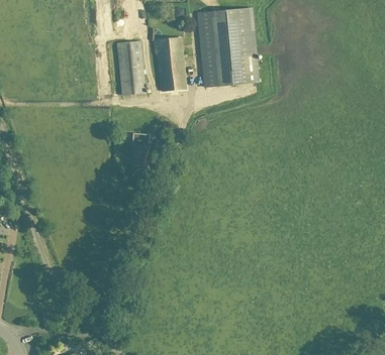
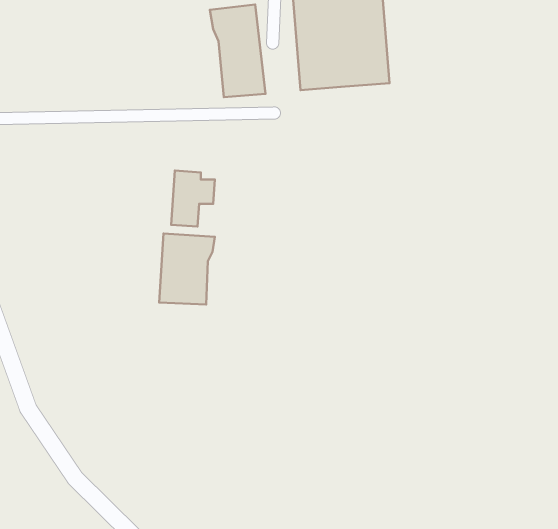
building: [116,41,143,95] -> none
building: none -> [159,233,215,304]

